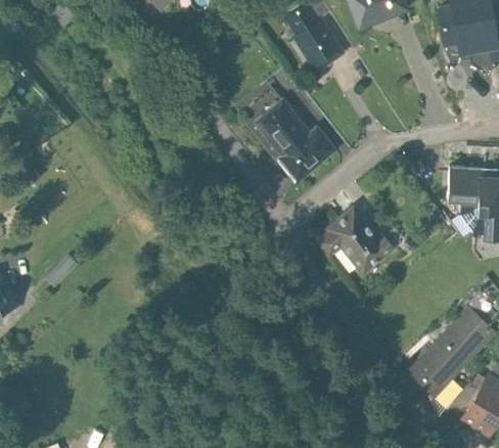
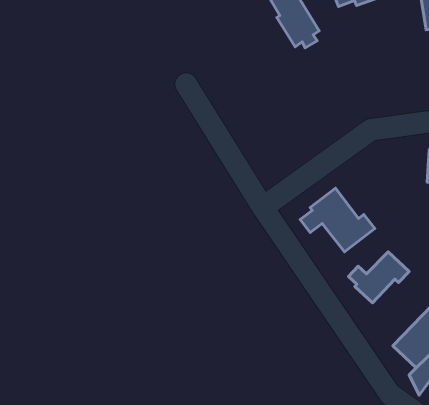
building: [249,93,333,179] -> none
building: none -> [348,252,409,303]

